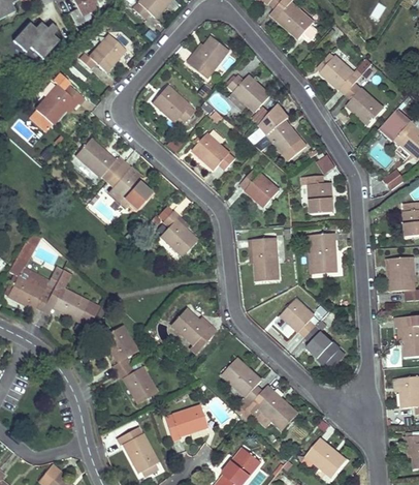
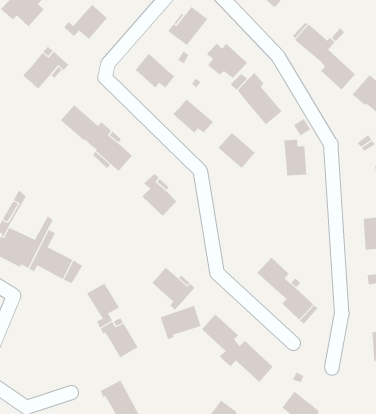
building: [312,234,336,274] -> none
building: [253,238,279,281] -> none
building: [164,405,207,442] -> [160,305,201,340]

